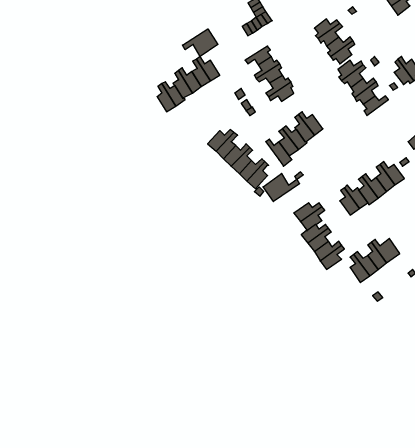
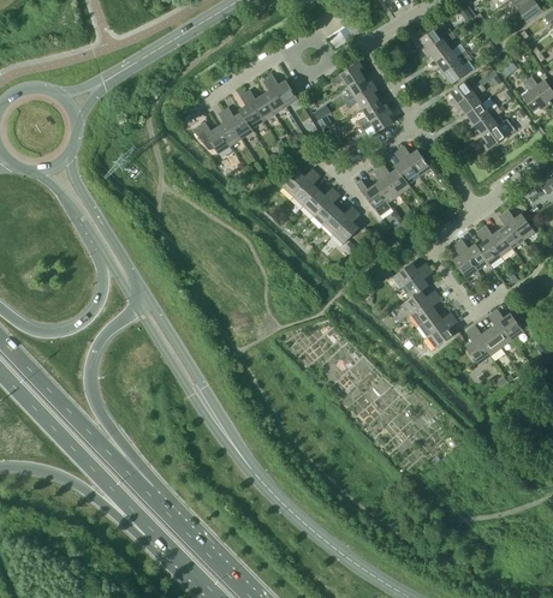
building: [182,29,218,56] -> none
building: none -> [192,121,230,153]
building: [263,173,300,202] -> none

